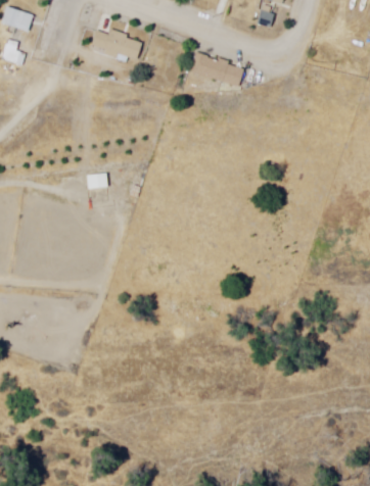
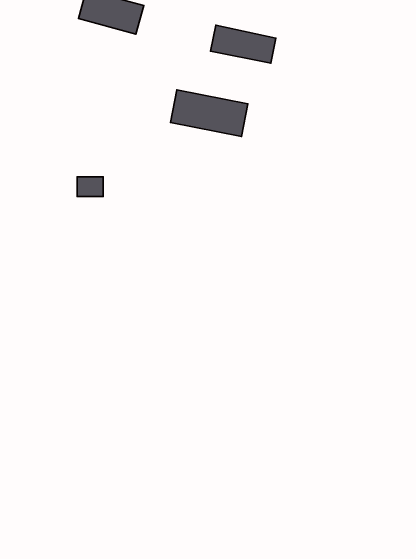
building: none -> [170,90,248,137]

